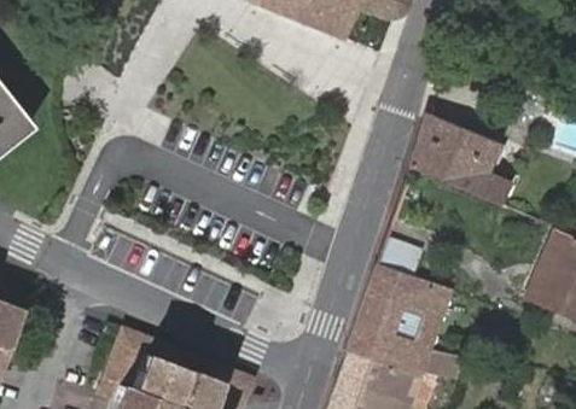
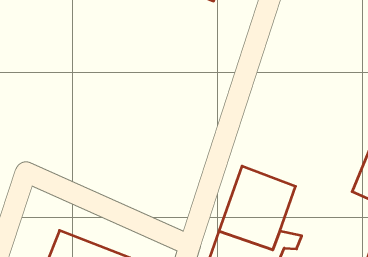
building: [415,112,518,206] -> none

